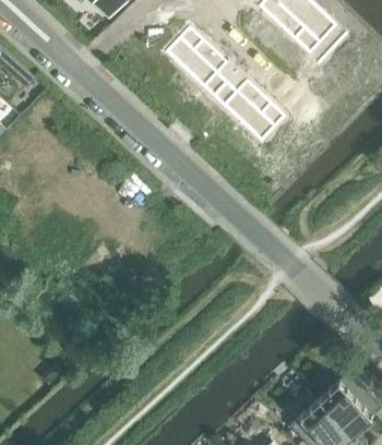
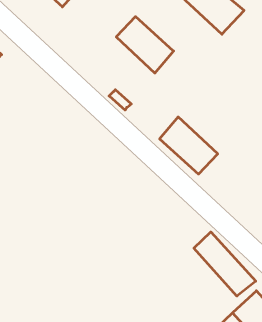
building: [225,73,297,144] -> [160,117,218,174]
building: none -> [194,232,256,296]

